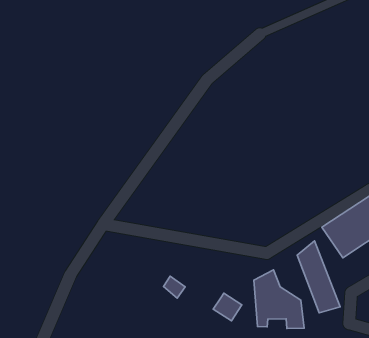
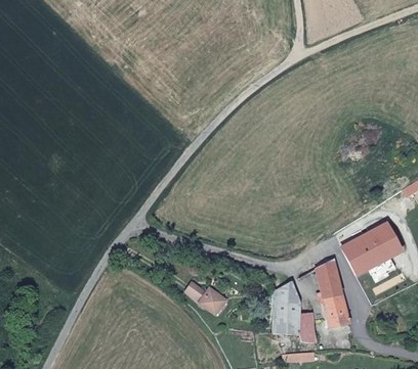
building: [213,293,242,321] -> [198,288,225,315]

